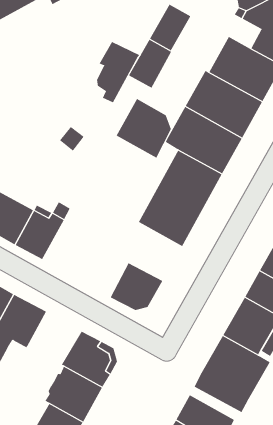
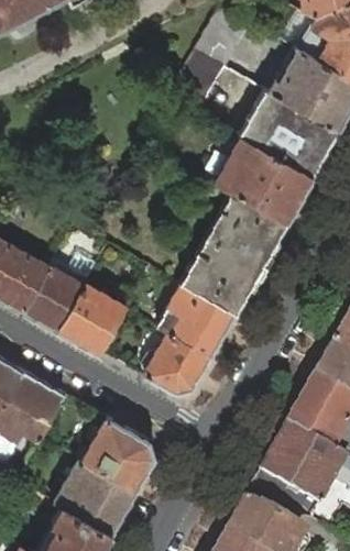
building: [96,41,140,103] -> none
building: [116,98,171,159] -> none
building: none -> [156,282,236,355]
building: none -> [59,283,125,351]

